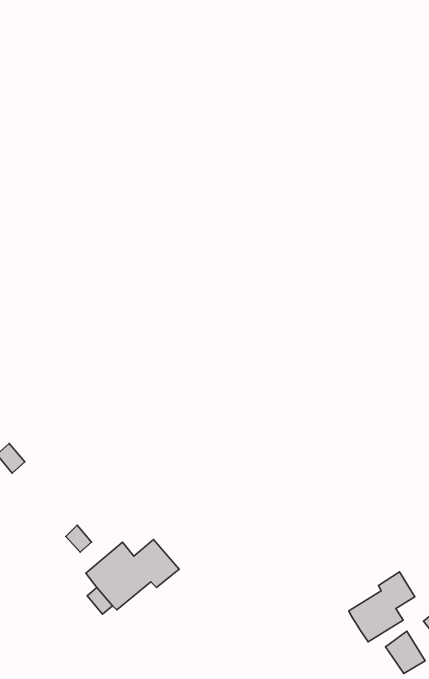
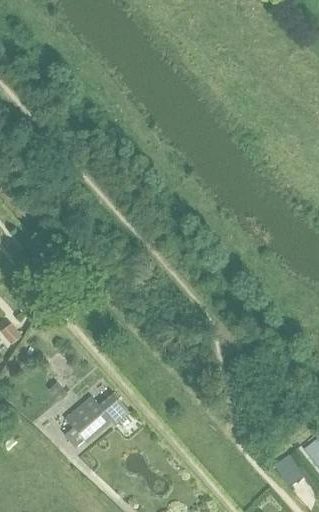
building: [349,572,415,642] -> none

